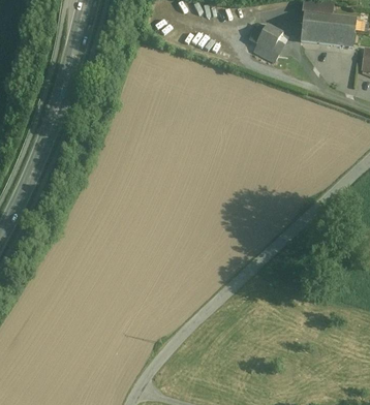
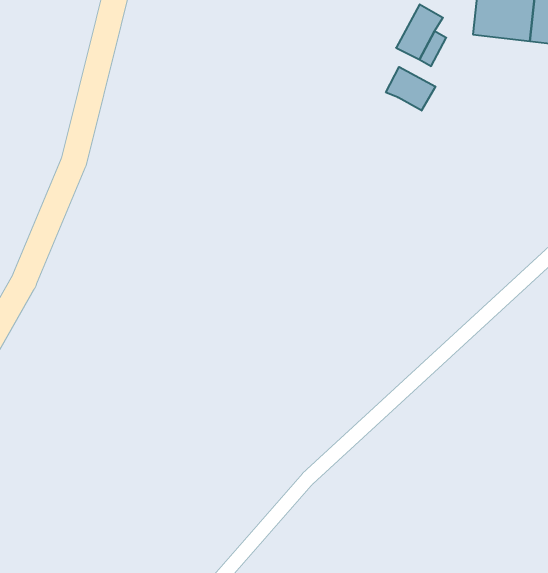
building: none -> [386,67,435,111]

